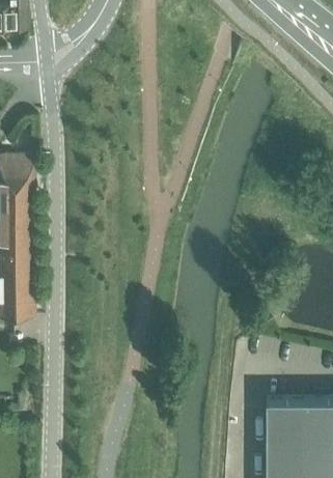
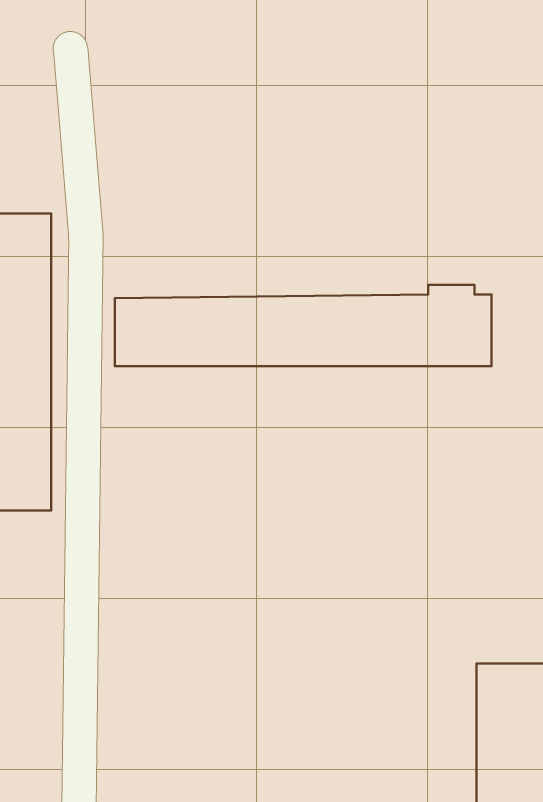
building: none -> [115,285,491,366]

